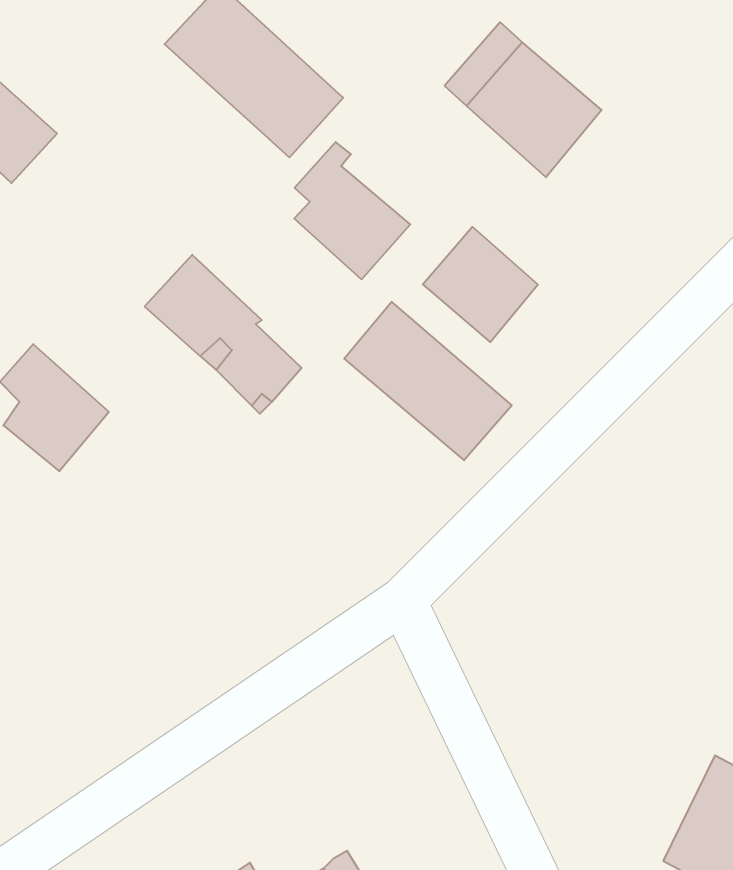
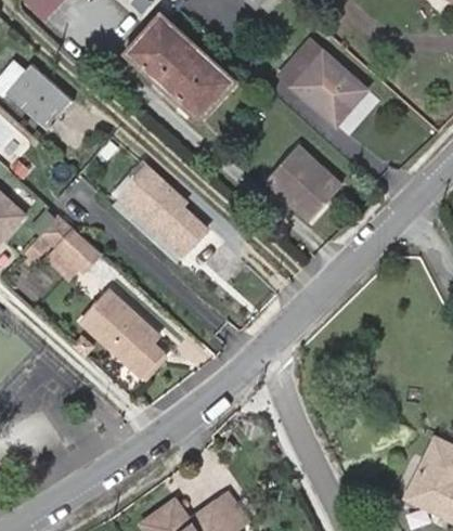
building: [294,142,410,279] -> none
building: [344,302,512,460] -> none
building: none -> [81,289,167,380]

